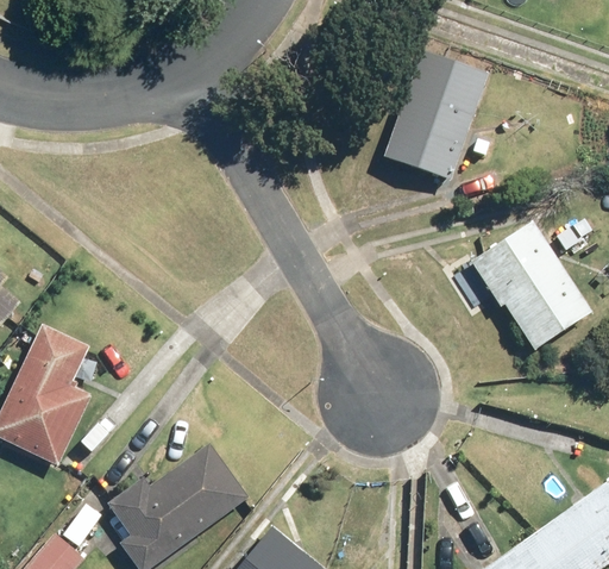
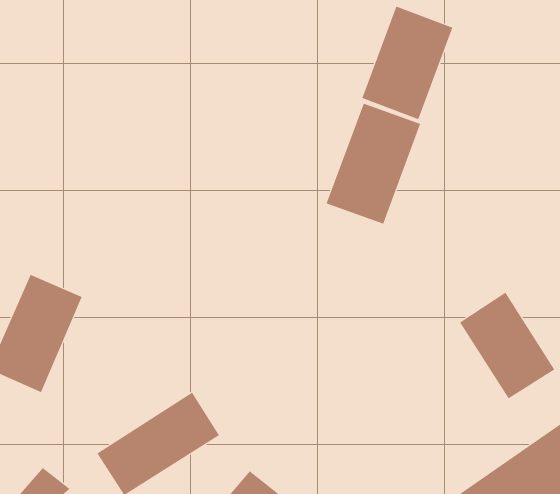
building: none -> [326,103,421,225]
building: [486,231,586,343] -> [459,292,555,399]

